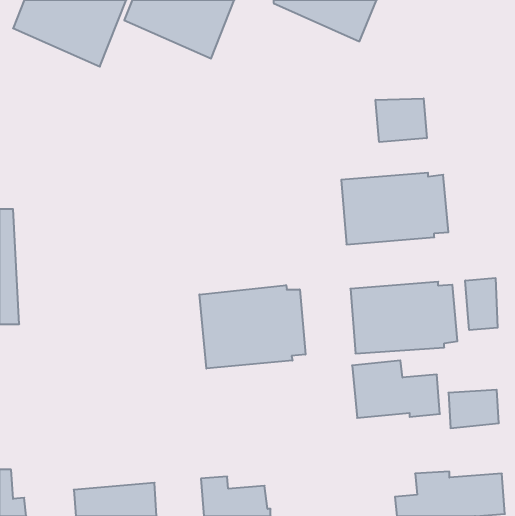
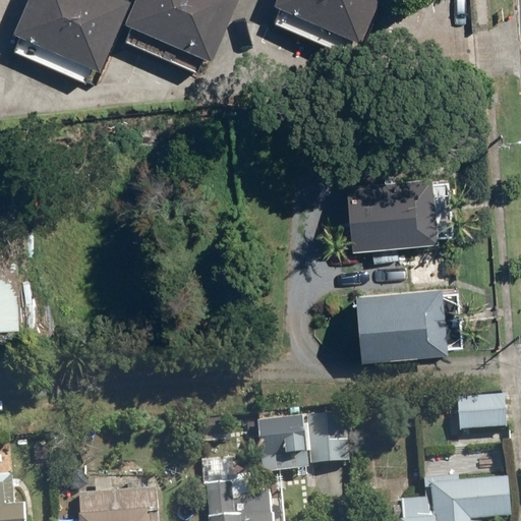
building: [376,98,427,142] -> none
building: [465,278,498,330] -> none
building: [199,285,305,369] -> none
building: [352,360,440,418] -> [254,416,343,474]

